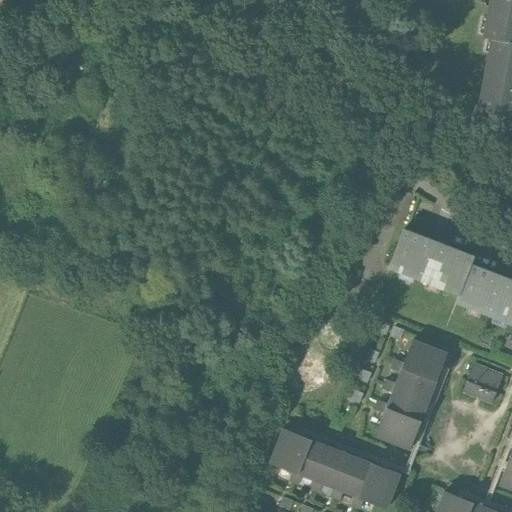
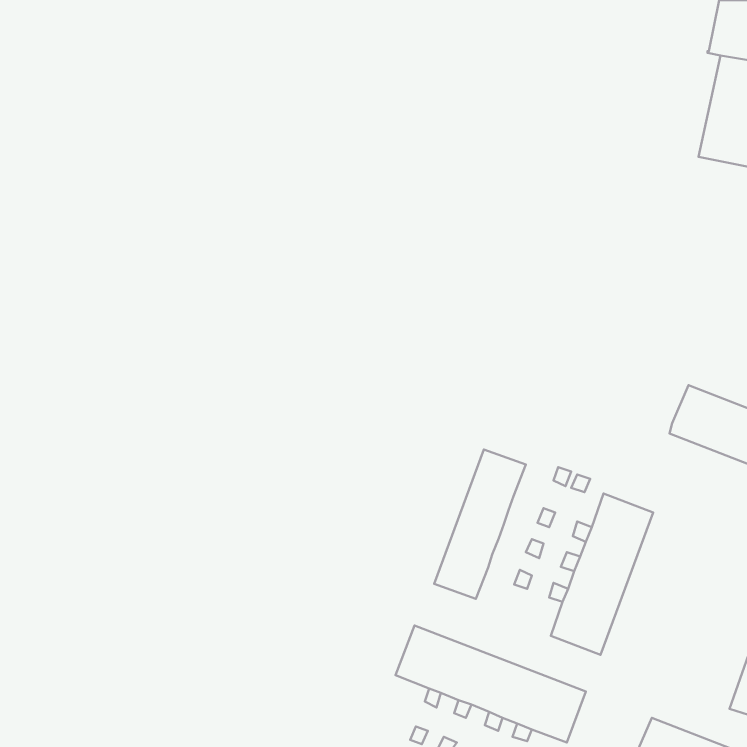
building: [392,229,474,290] -> none
building: none -> [434,450,526,599]
building: [464,364,502,403] -> none

